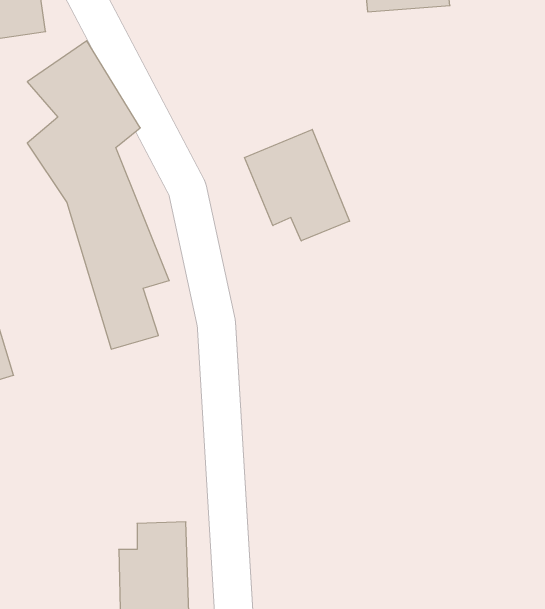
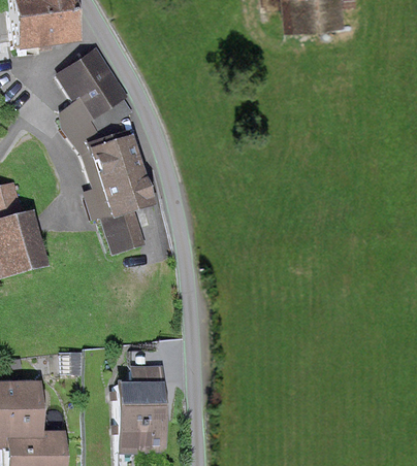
building: [244,129,350,241] -> none

